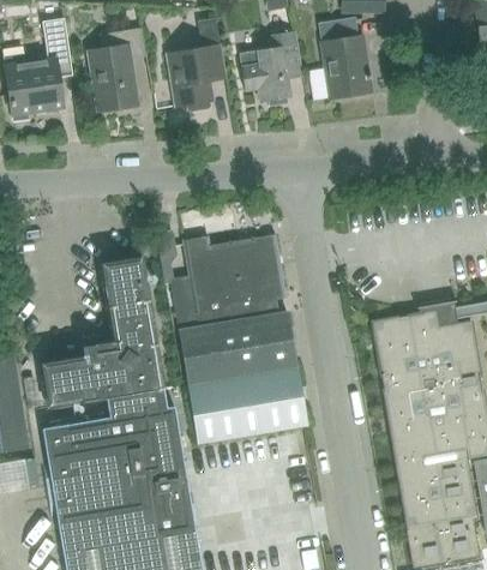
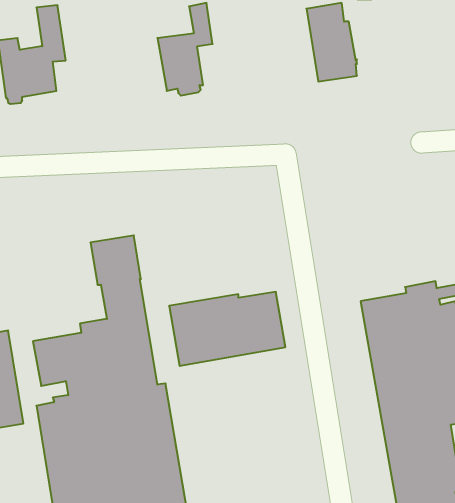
building: [88,31,145,113] -> none
building: [238,31,301,108] -> none
building: [170,239,284,328] -> none
building: [188,370,306,445] -> none

